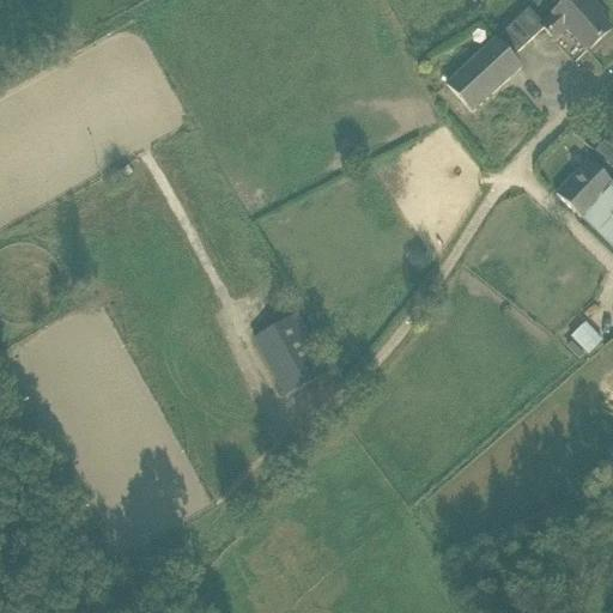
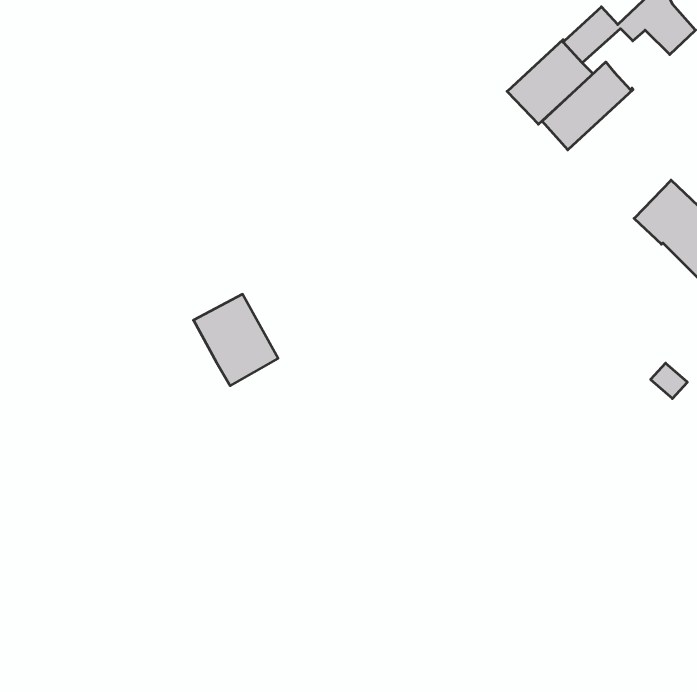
building: none -> [542,62,633,150]
building: [254,311,328,392] -> [193,294,278,386]

